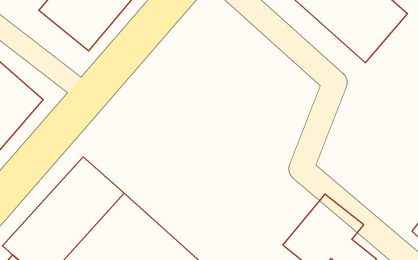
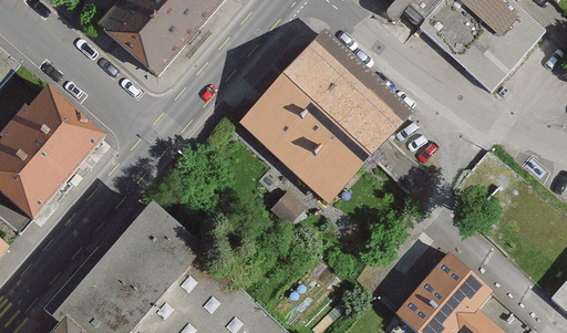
building: none -> [241,45,399,201]

